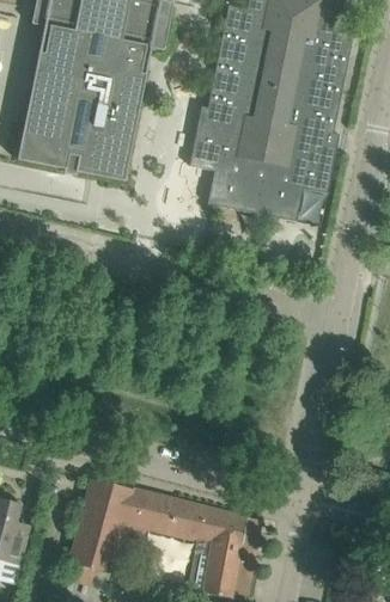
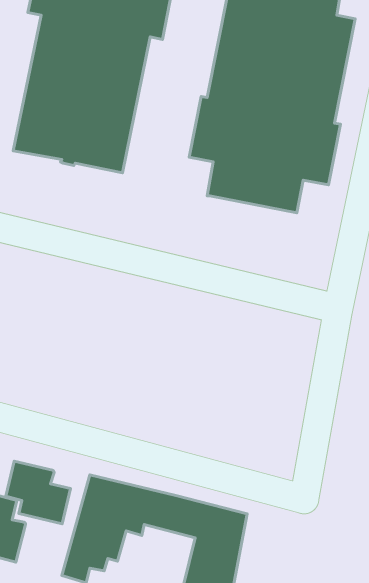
building: none -> [6,461,70,524]

